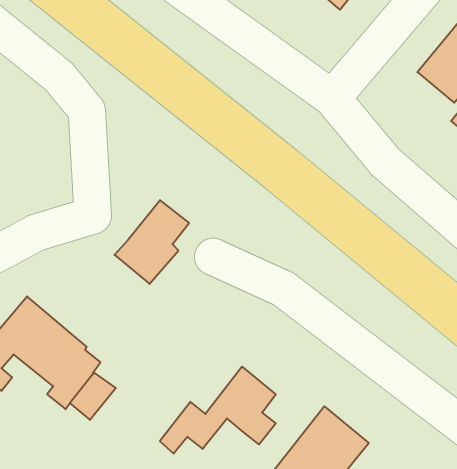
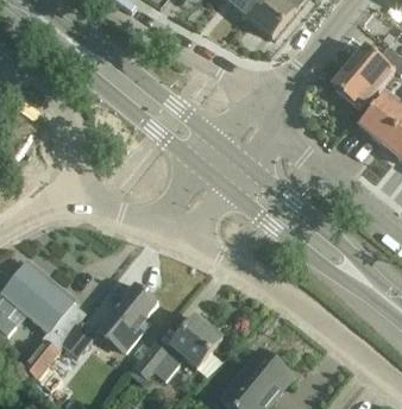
building: [114,200,189,284] -> [99,283,157,348]
building: none -> [21,338,59,378]

